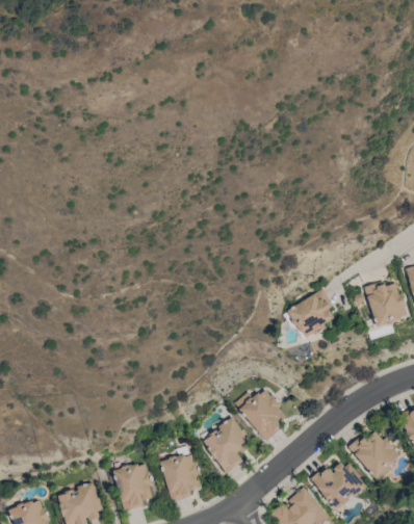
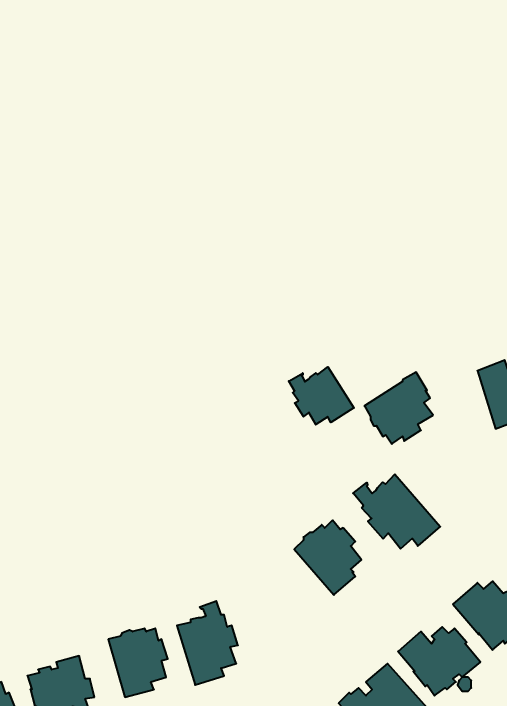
building: none -> [289,367,354,425]
building: none -> [353,474,440,549]
building: [203,417,251,473] -> none

